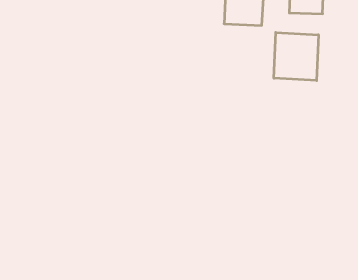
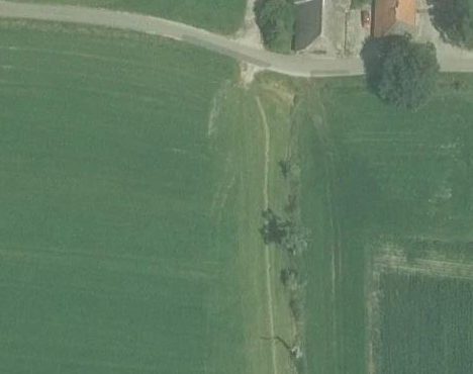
building: [274,32,318,81] -> none

